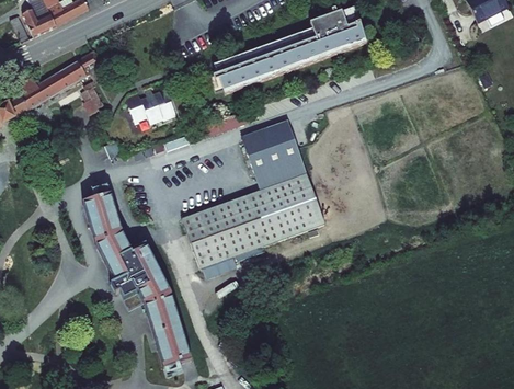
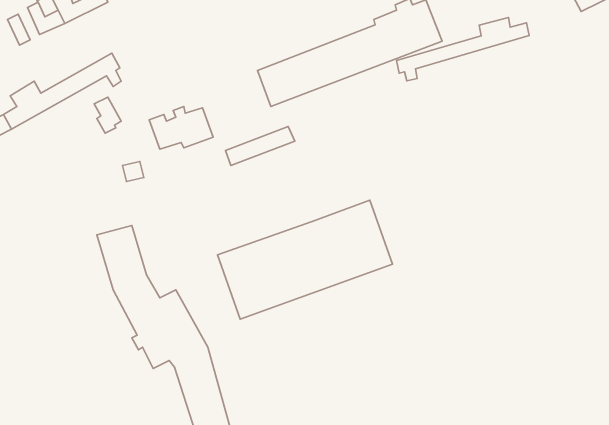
building: none -> [396,17,529,81]
building: [239,118,306,188] -> none

